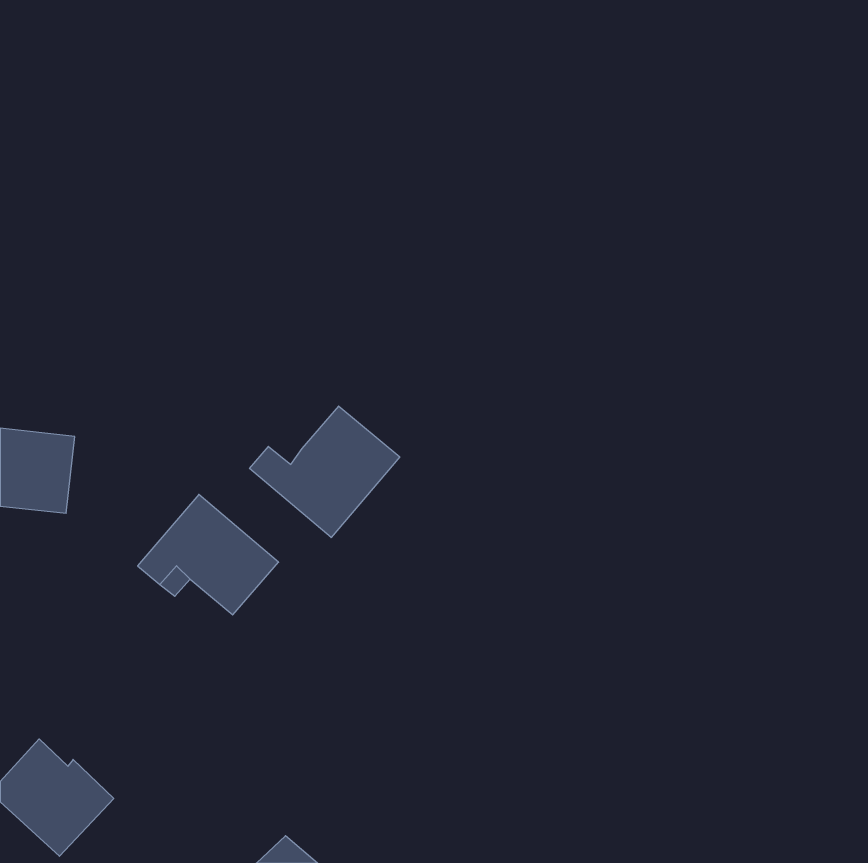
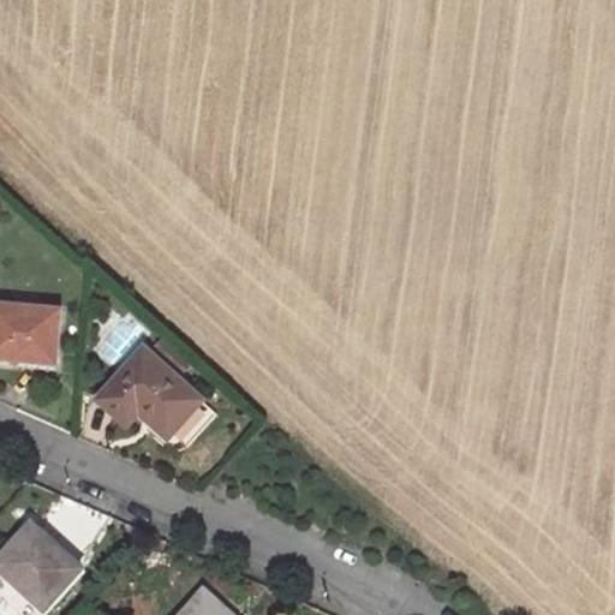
building: [250,406,400,538] -> none

